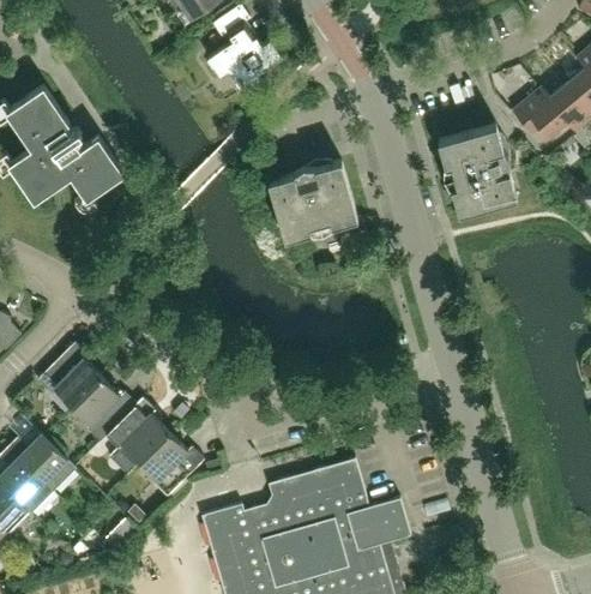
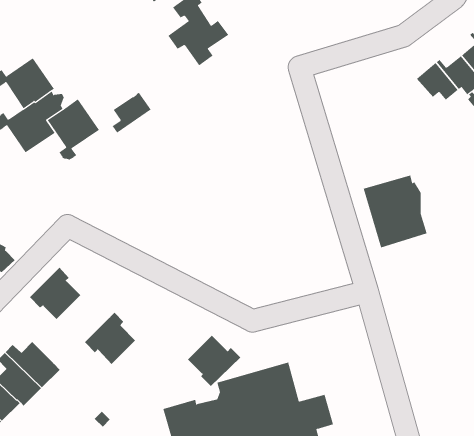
building: [436,125,515,215] -> [363,175,427,248]
building: none -> [112,92,151,133]
building: [267,161,356,239] -> none
building: [71,377,135,442] -> none
building: [138,432,204,496] -> [187,335,241,387]

